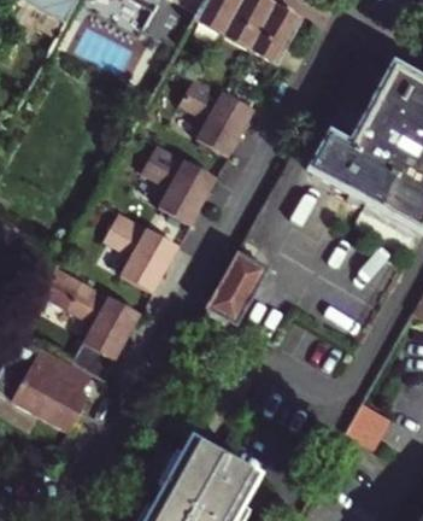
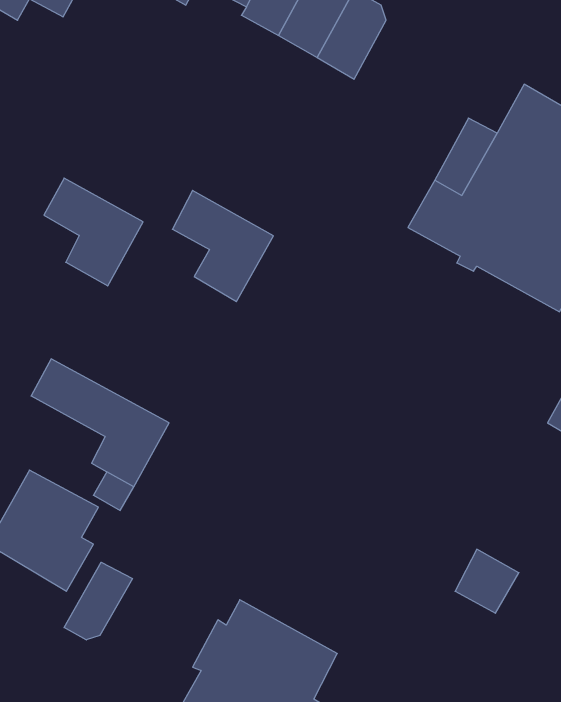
building: [180,78,252,156] -> none
building: [106,213,177,291] -> [44,178,143,286]
building: [200,253,269,336] -> none
building: none -> [64,562,132,640]

